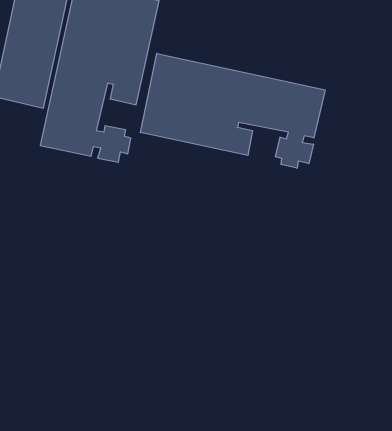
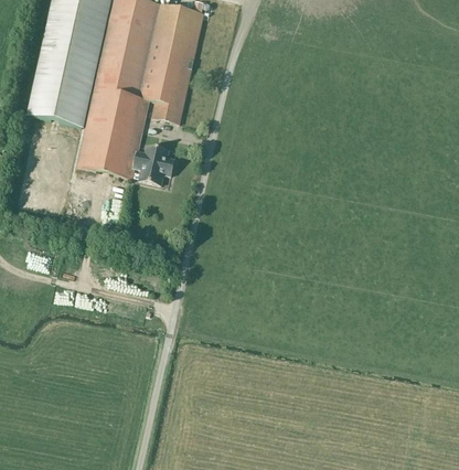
building: [140,53,325,168] -> none

